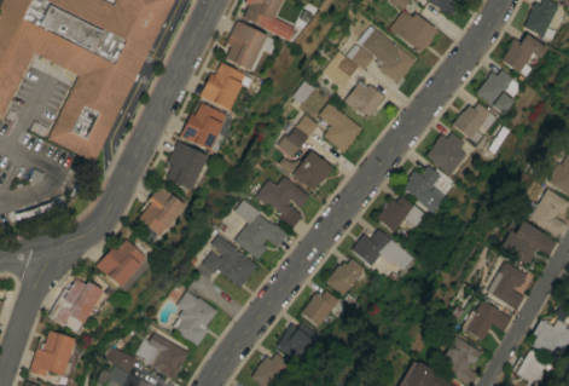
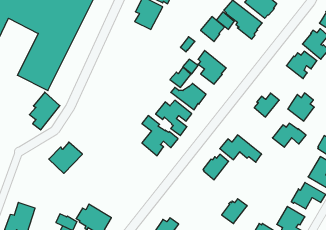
building: [199,63,245,110] -> none
building: [346,81,385,120] -> none
building: [179,103,227,151] -> none
building: [428,132,468,174] -> [288,93,314,121]
building: [166,142,207,191] -> none
building: [138,185,184,242] -> [29,92,60,130]
building: [377,196,428,232] -> [272,123,306,147]
building: [203,235,259,288] -> none
building: [50,278,104,332] -> none
building: [302,289,341,327] -> [222,199,247,224]
building: [174,290,219,347] -> none
building: [278,322,317,359] -> none

